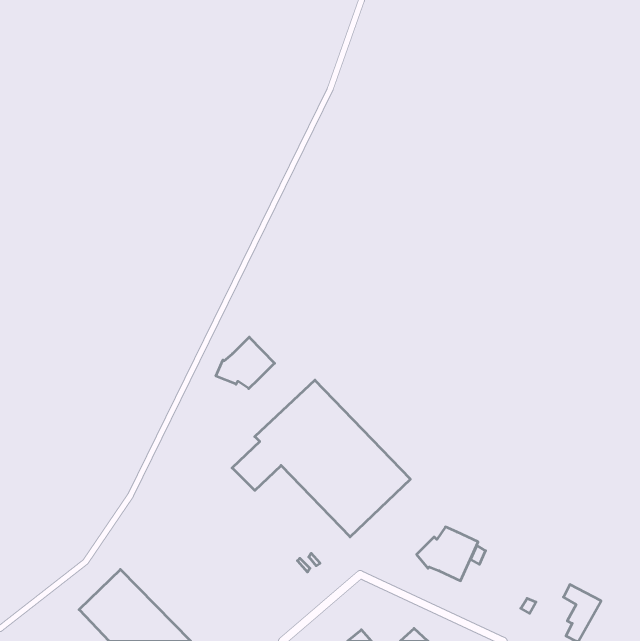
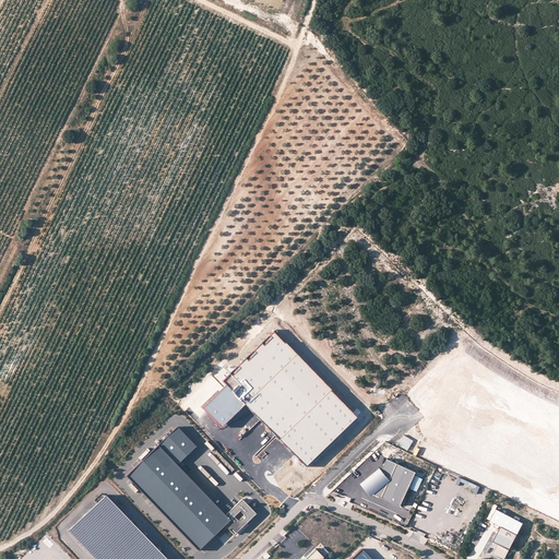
building: [216,337,275,389] -> none
building: none -> [128,427,258,550]

